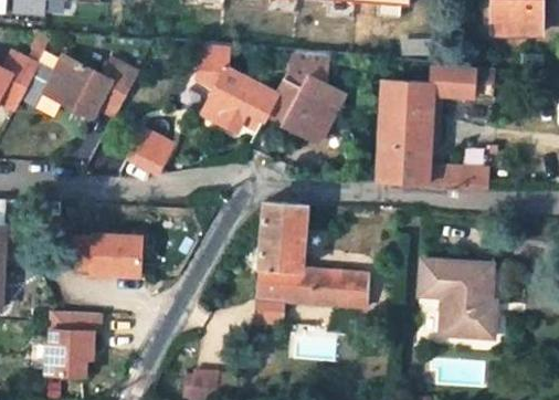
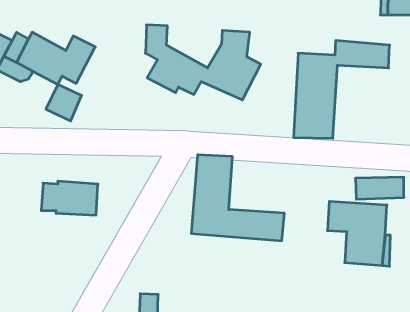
building: [128,128,171,172] -> [46,84,82,121]
building: [430,162,488,189] -> [355,177,404,199]
building: [46,312,102,378] -> none

